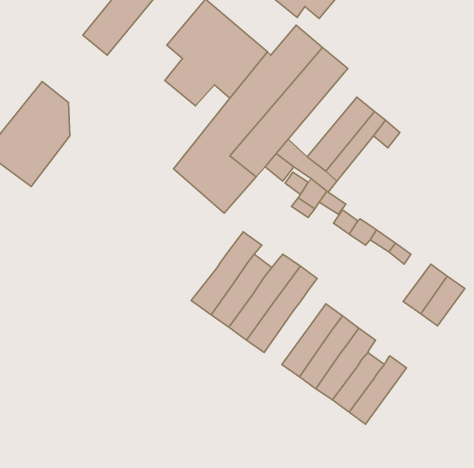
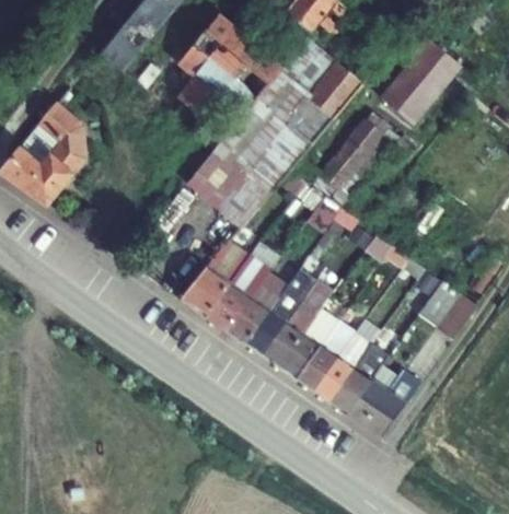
building: none -> [379,34,459,124]
building: none -> [182,241,250,314]
building: none -> [277,304,338,377]

